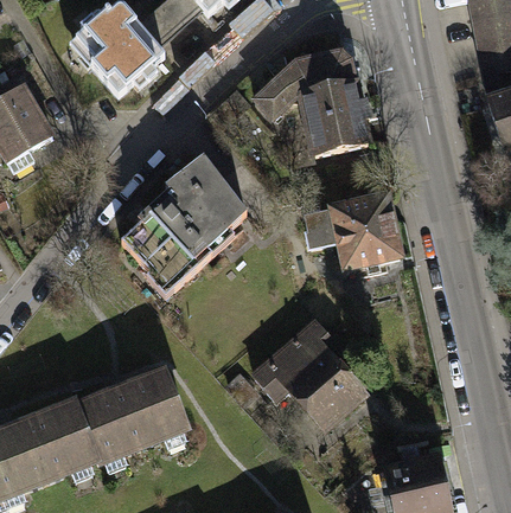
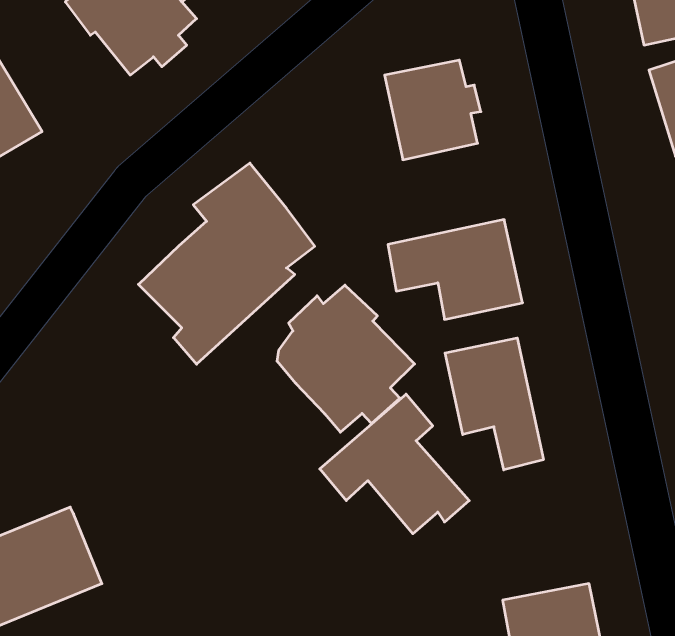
building: [253,50,352,117] -> none
building: none -> [277,285,415,432]
building: none -> [445,338,543,470]
building: [77,370,189,463] -> none

